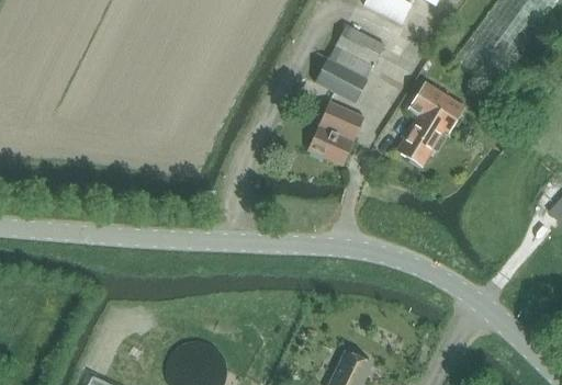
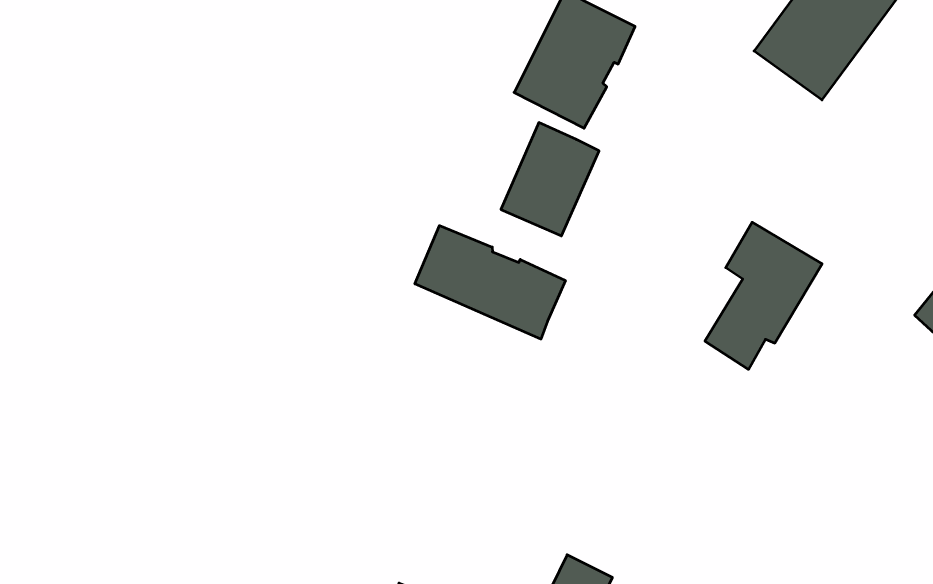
building: [397,83,465,169] -> [705,222,822,369]
building: none -> [415,226,565,339]

